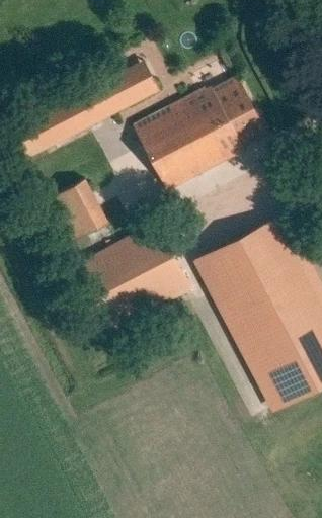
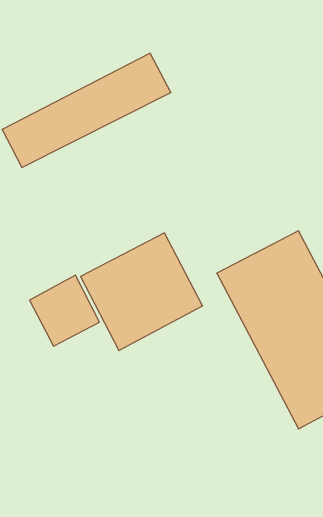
building: [135,76,266,190] -> none
building: [43,176,107,242] -> [30,275,99,346]

